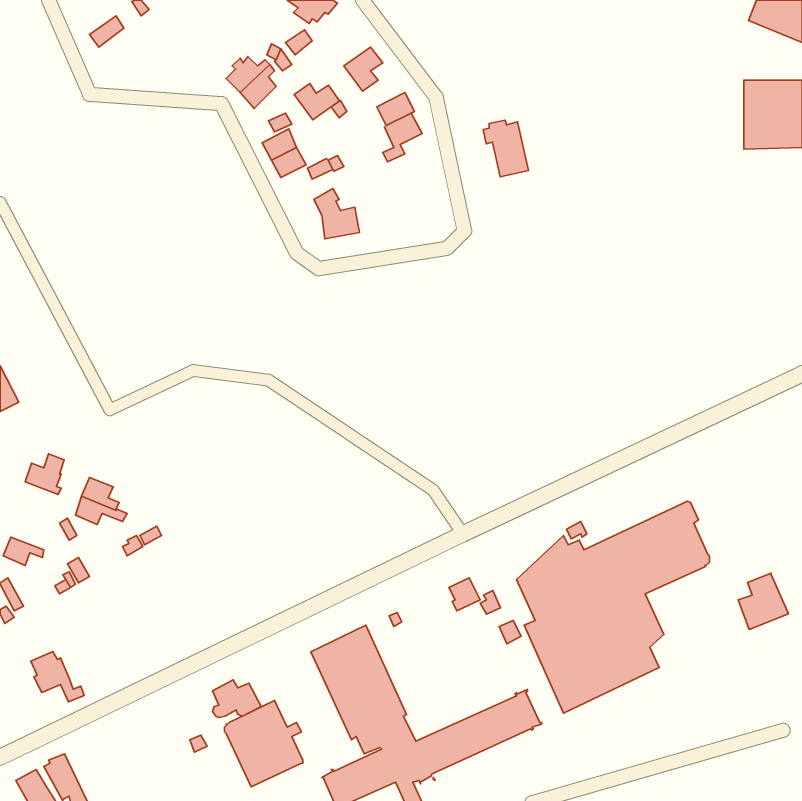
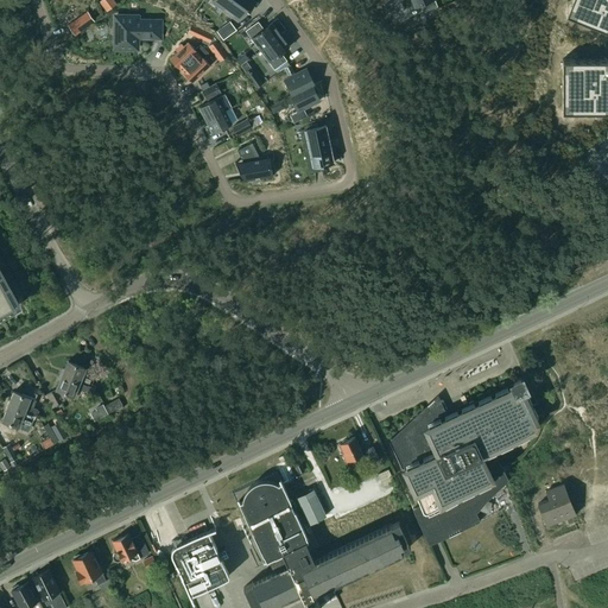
building: none -> [115,18,160,50]
building: [294,84,340,120] -> [246,24,280,51]
building: [483,120,529,177] -> [299,125,334,167]
building: [25,454,64,495] -> [8,386,38,417]
building: [738,573,788,630] -> [538,484,576,527]
building: none -> [297,490,325,525]
building: [31,652,84,702] -> [72,553,113,591]
building: [213,680,261,718] -> [113,534,150,563]

